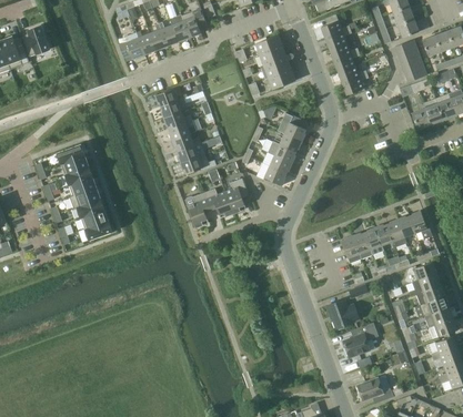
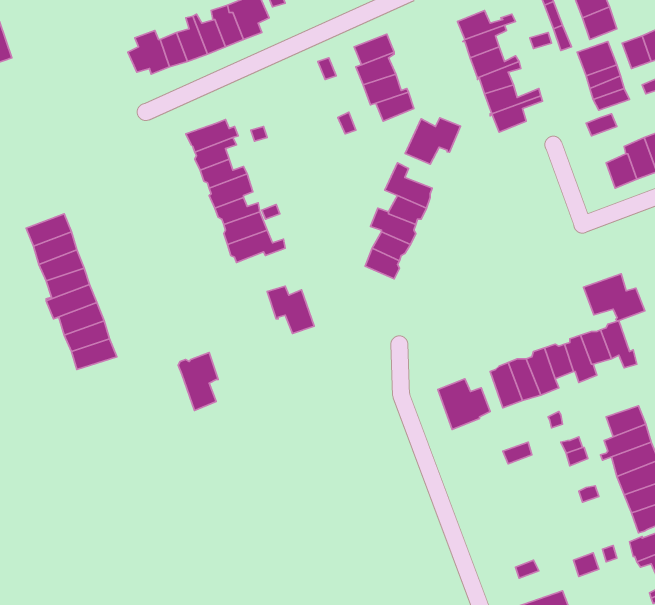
building: none -> [405,118,461,164]
building: [227,179,249,213] -> none
building: none -> [584,274,645,321]
building: [187,192,211,227] -> [178,352,218,410]
building: [328,298,360,329] -> [438,379,490,430]
building: [343,322,379,357] -> none

